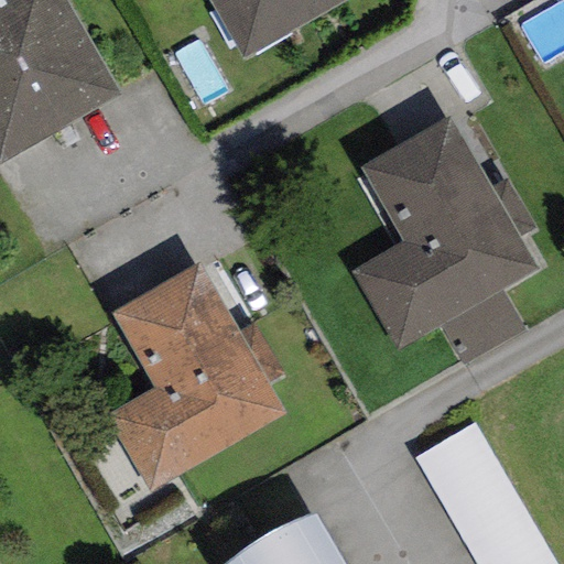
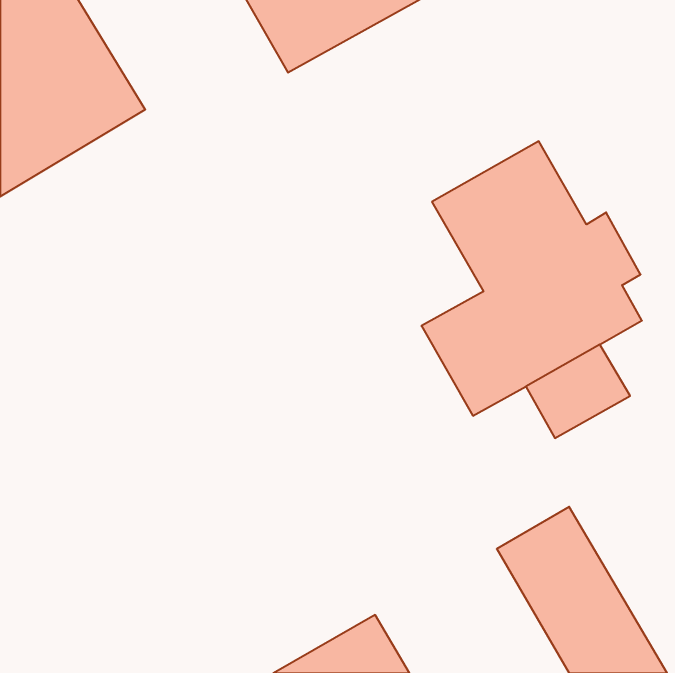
building: [105,262,285,491] -> none

